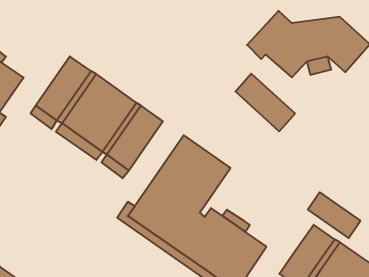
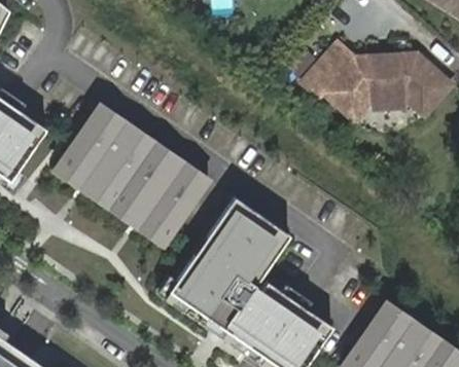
building: [235,74,295,131] -> none
building: [308,192,360,238] -> none

